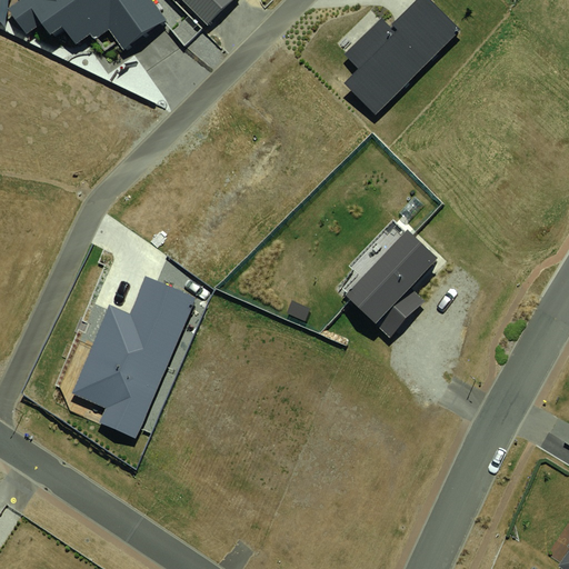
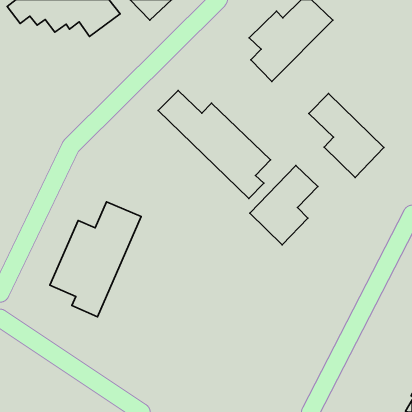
building: none -> [158,90,270,199]
building: none -> [309,94,384,177]

